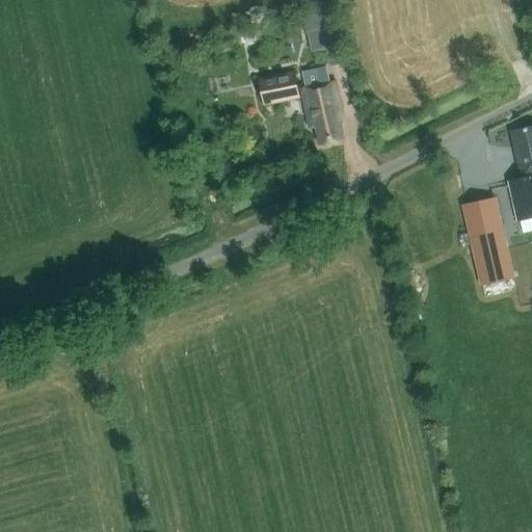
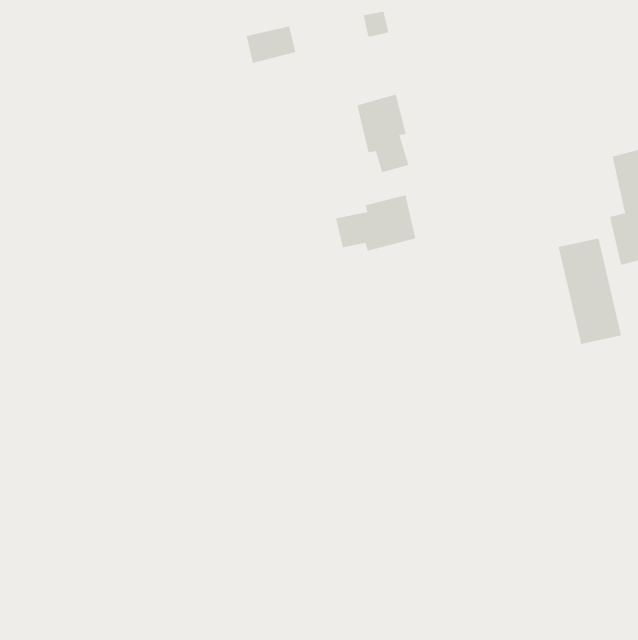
building: [257,72,298,103] -> [246,26,296,63]
building: none -> [336,195,416,251]

